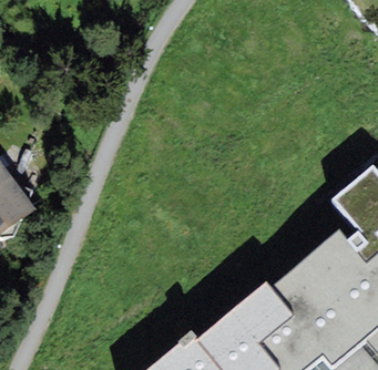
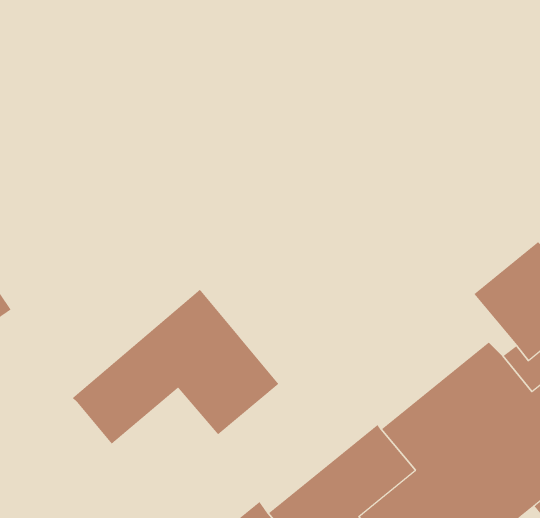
building: none -> [72,289,279,445]

